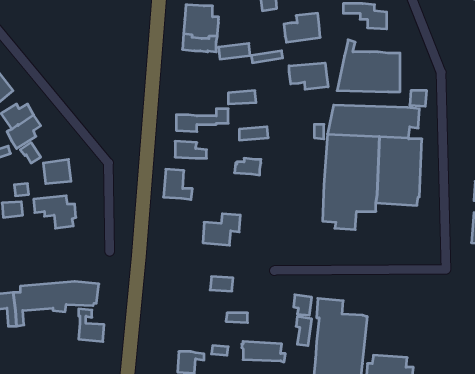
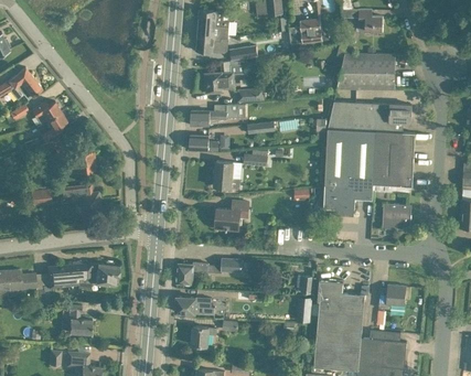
building: [289,63,328,89] -> none
building: none -> [204,72,234,93]
building: [163,169,192,200] -> [213,161,239,189]
building: none -> [382,203,410,229]
building: none -> [174,262,214,284]
building: none -> [377,284,406,309]
building: [79,309,104,342] -> [68,304,92,334]
building: [242,341,285,362] -> [174,296,214,314]

